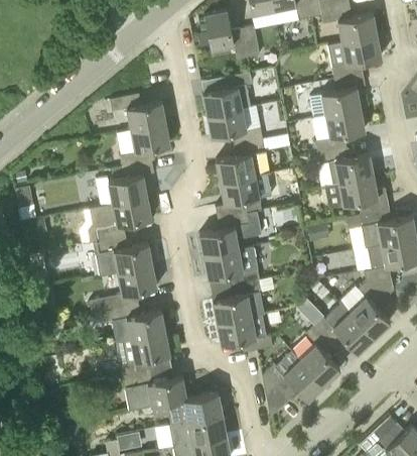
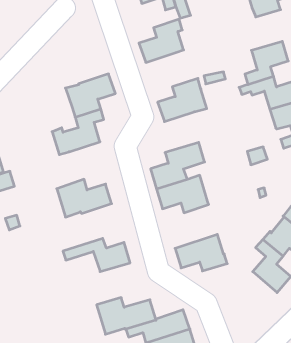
building: [309,75,366,119] -> none
building: [110,95,165,131] -> none
building: [207,109,263,146] -> none
building: [216,177,261,218] -> none
building: [80,198,151,244] -> none
building: [91,267,156,314] -> none
building: [213,280,265,325] -> none
building: [120,335,169,377] -> none
building: [262,360,323,418] -> none

